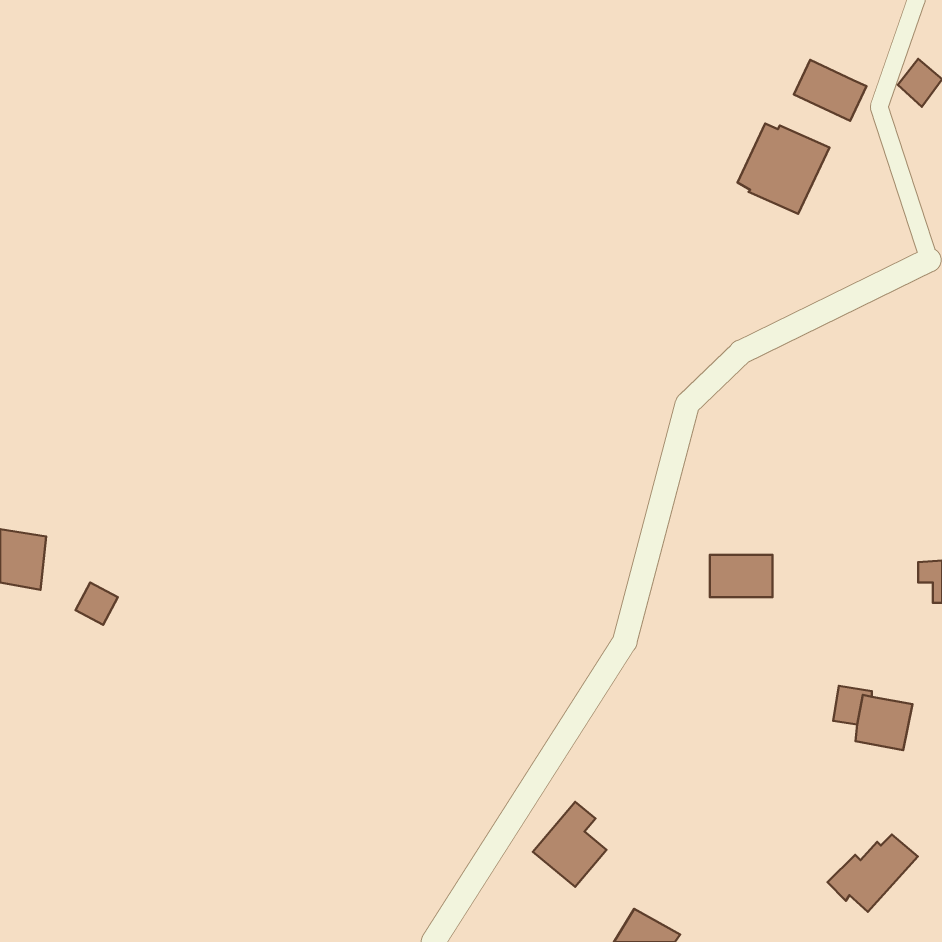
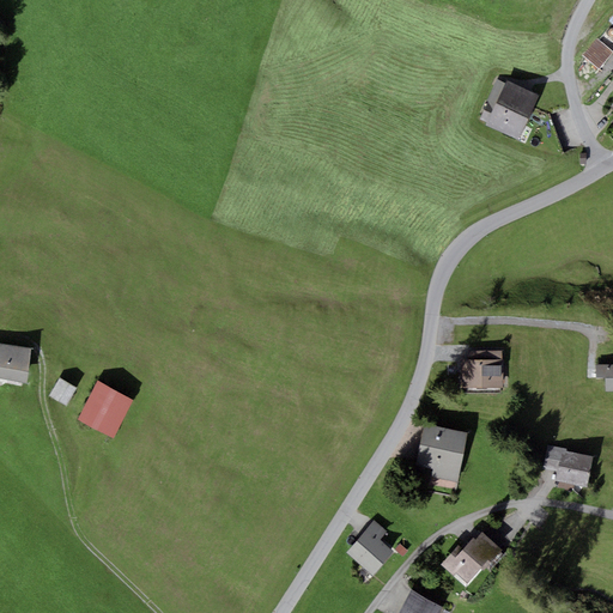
building: [794,60,866,121] -> none
building: none -> [78,380,134,439]
building: none -> [415,426,467,482]
building: [827,834,918,912] -> [441,533,499,583]

